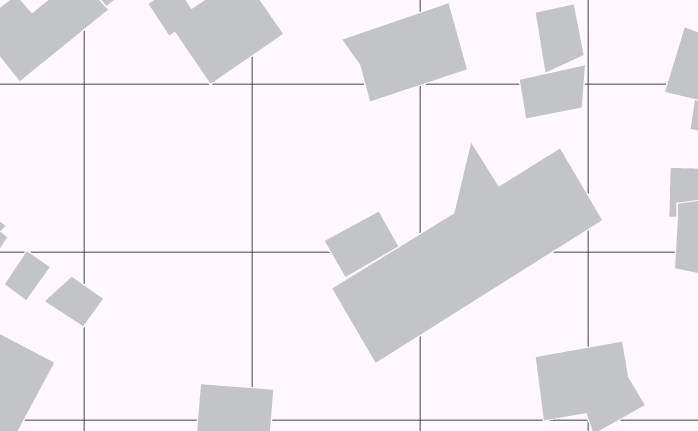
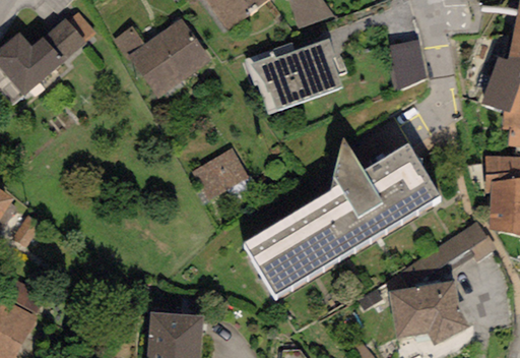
building: [519,64,586,119] -> none
building: [324,211,399,278] -> [193,150,247,197]
building: none -> [386,222,496,292]
building: [44,276,104,327] -> none

